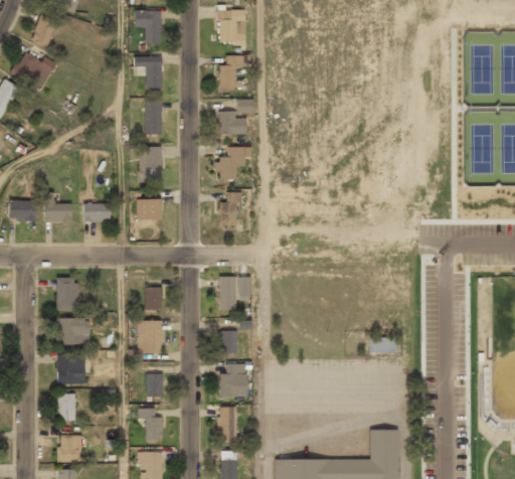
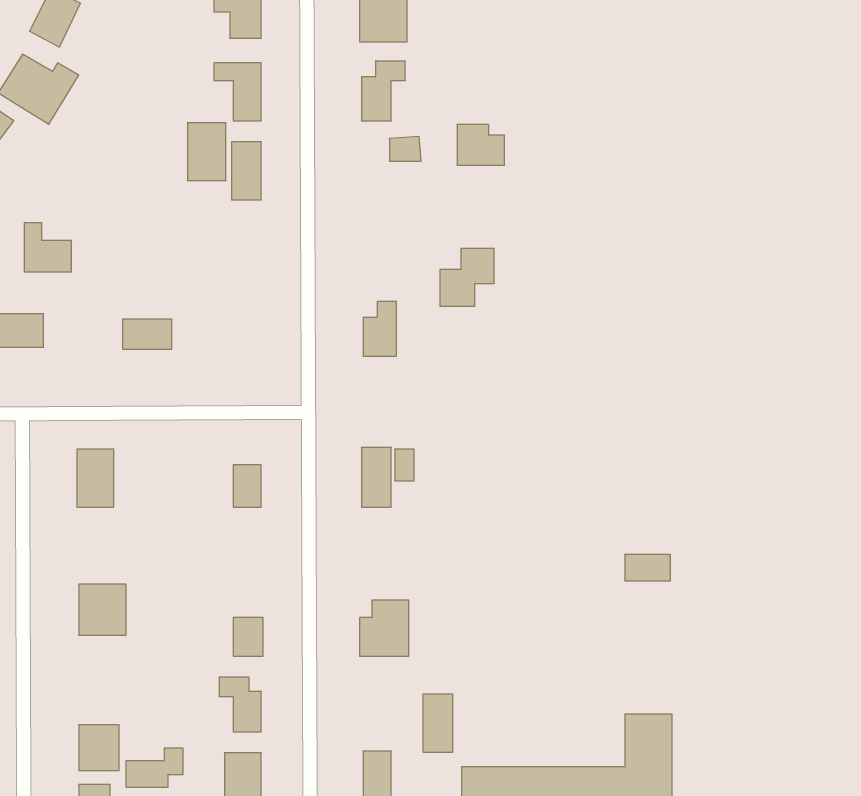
building: [218,112,245,135] -> [457,125,505,165]
building: [216,146,247,179] -> [440,248,494,306]
building: [140,147,162,180] -> [187,123,226,181]
building: [44,193,71,221] -> [24,223,72,272]
building: [136,199,159,219] -> none
building: [57,318,90,343] -> none
building: [138,320,162,353] -> none
building: [219,331,236,354] -> none
building: [57,393,75,422] -> none
building: [218,407,235,440] -> [423,694,453,752]
building: none -> [126,748,183,787]

